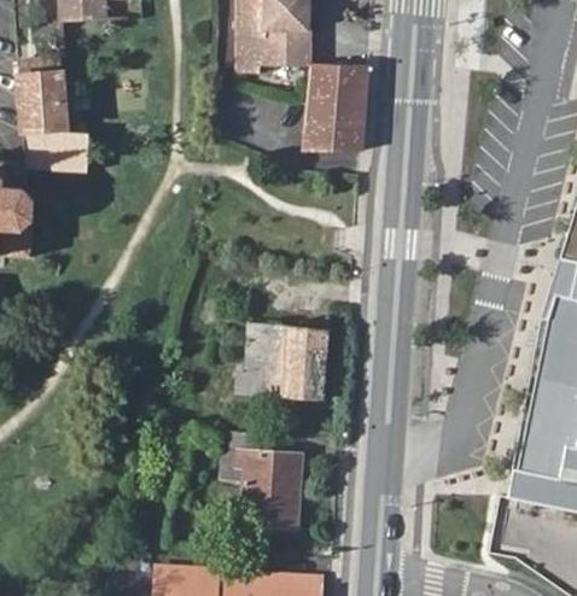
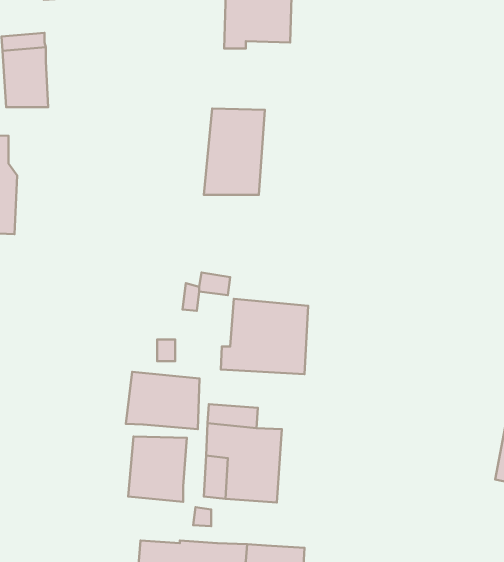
building: [304,64,366,151] -> [204,108,265,195]
building: [22,129,88,174] -> none
building: none -> [126,372,200,429]
building: none -> [128,436,187,502]

